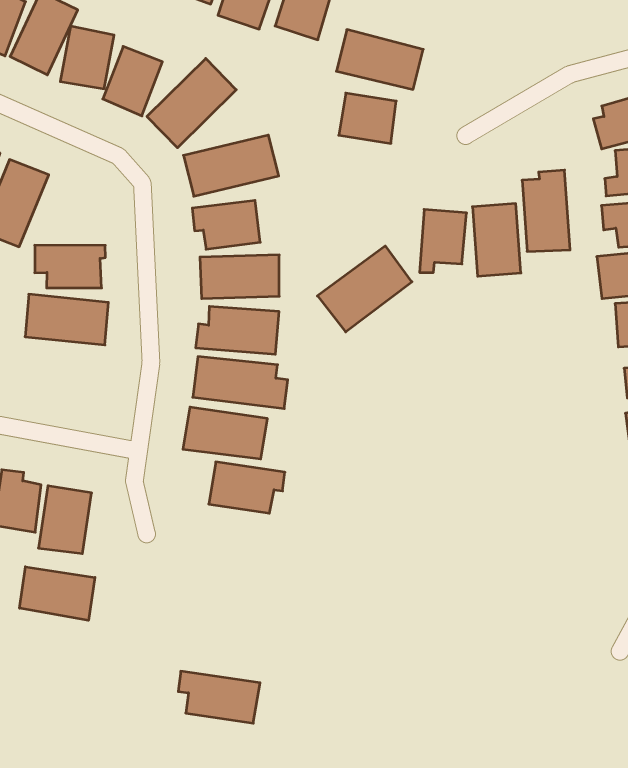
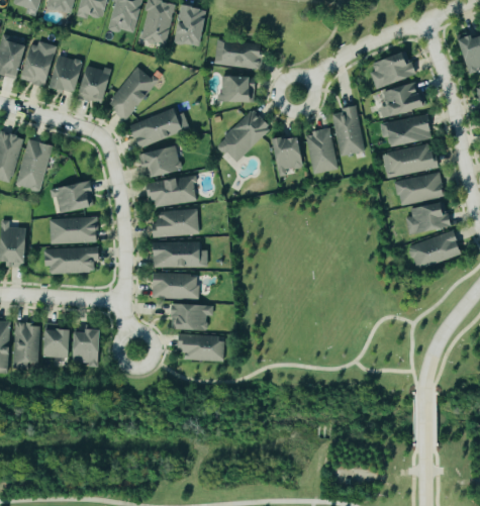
building: [317,246,412,332] -> [215,110,270,164]
building: none -> [45,247,98,274]
building: [20,567,95,620] -> none
building: [178,671,260,723] -> [177,335,224,361]

